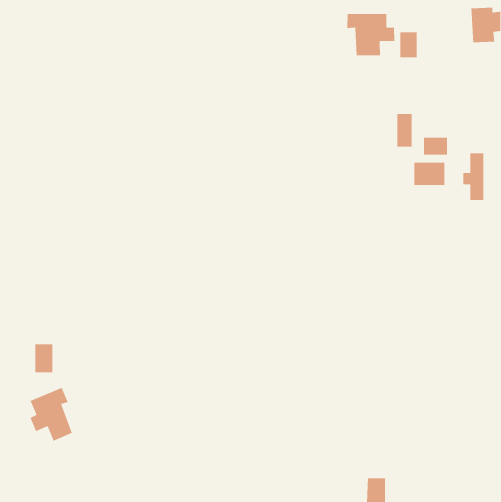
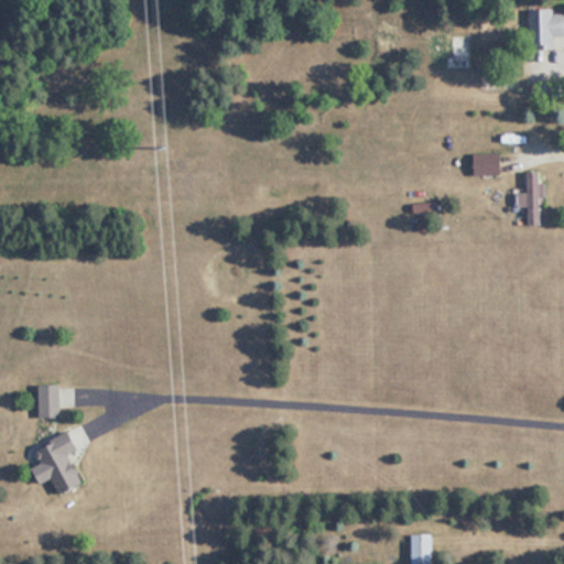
building: [346,13,395,56] -> none
building: [397,113,412,147] -> none
building: [413,162,445,186] -> none

